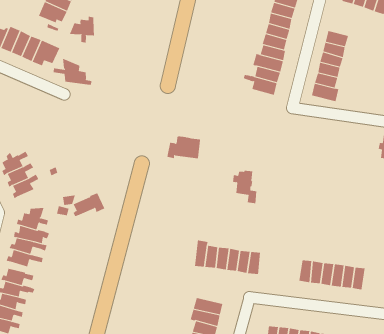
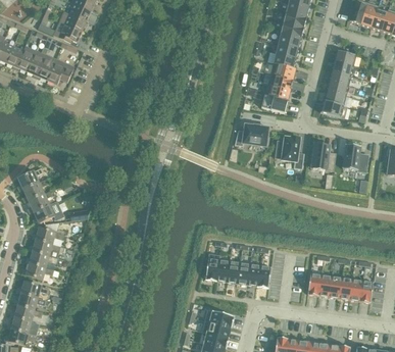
building: [69,16,94,44] -> none
building: [53,58,92,86] -> none
building: none -> [311,141,336,170]
building: none -> [342,144,368,172]
building: [166,136,201,159] -> [235,123,268,146]
building: [232,170,257,204] -> [279,136,303,168]
building: [73,193,105,217] -> [33,200,64,223]

